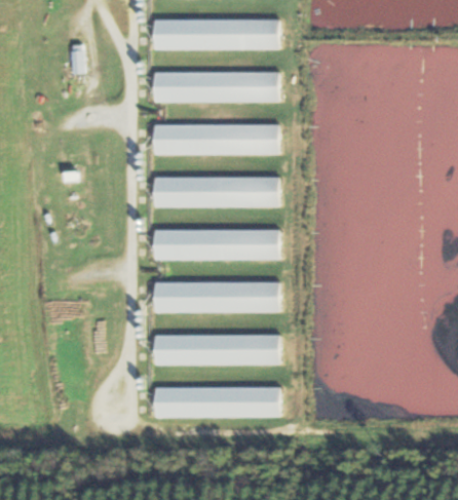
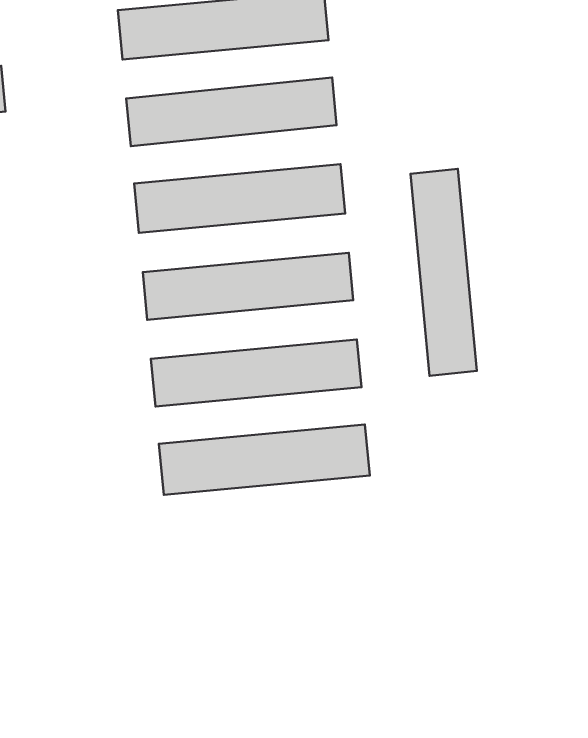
building: none -> [410,169,477,376]
building: [154,335,278,364] -> none
building: [155,387,278,418] -> none

